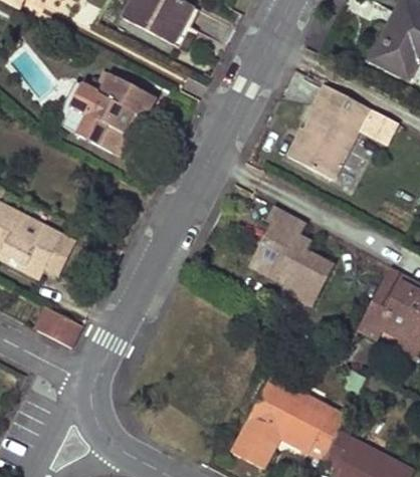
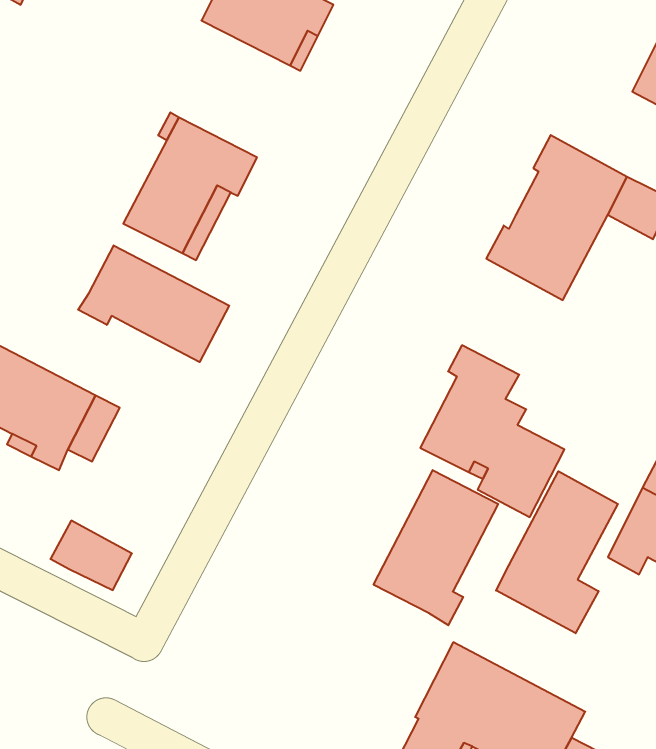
building: none -> [78,245,229,362]
building: none -> [374,470,498,625]
building: none -> [496,471,618,633]

